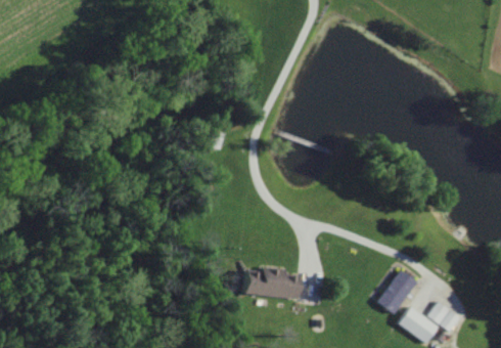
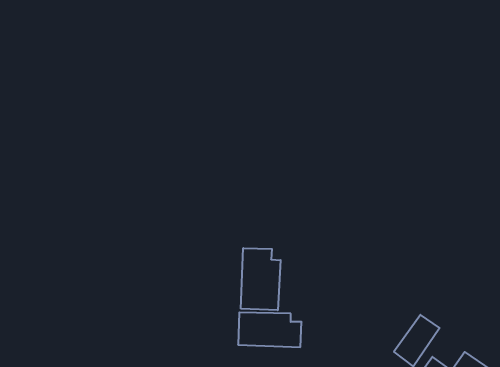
building: none -> [241,248,281,310]

